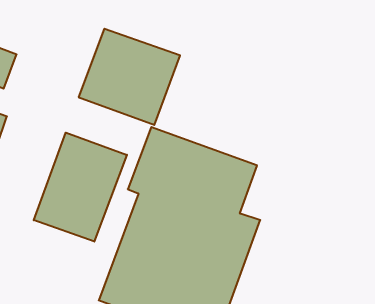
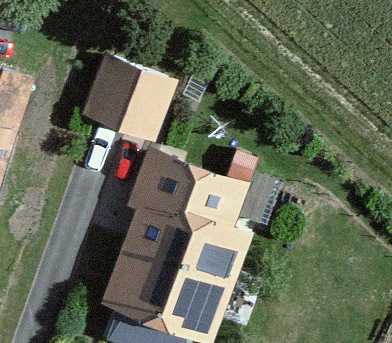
building: [34,133,127,242] -> none

